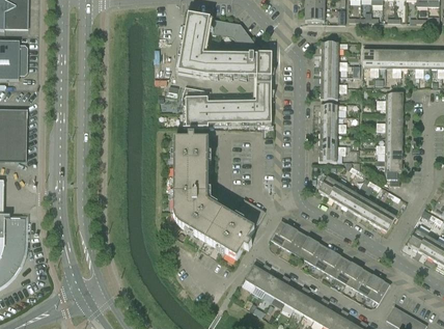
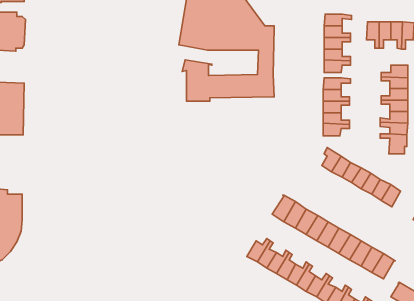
building: [173,133,266,258] -> none

